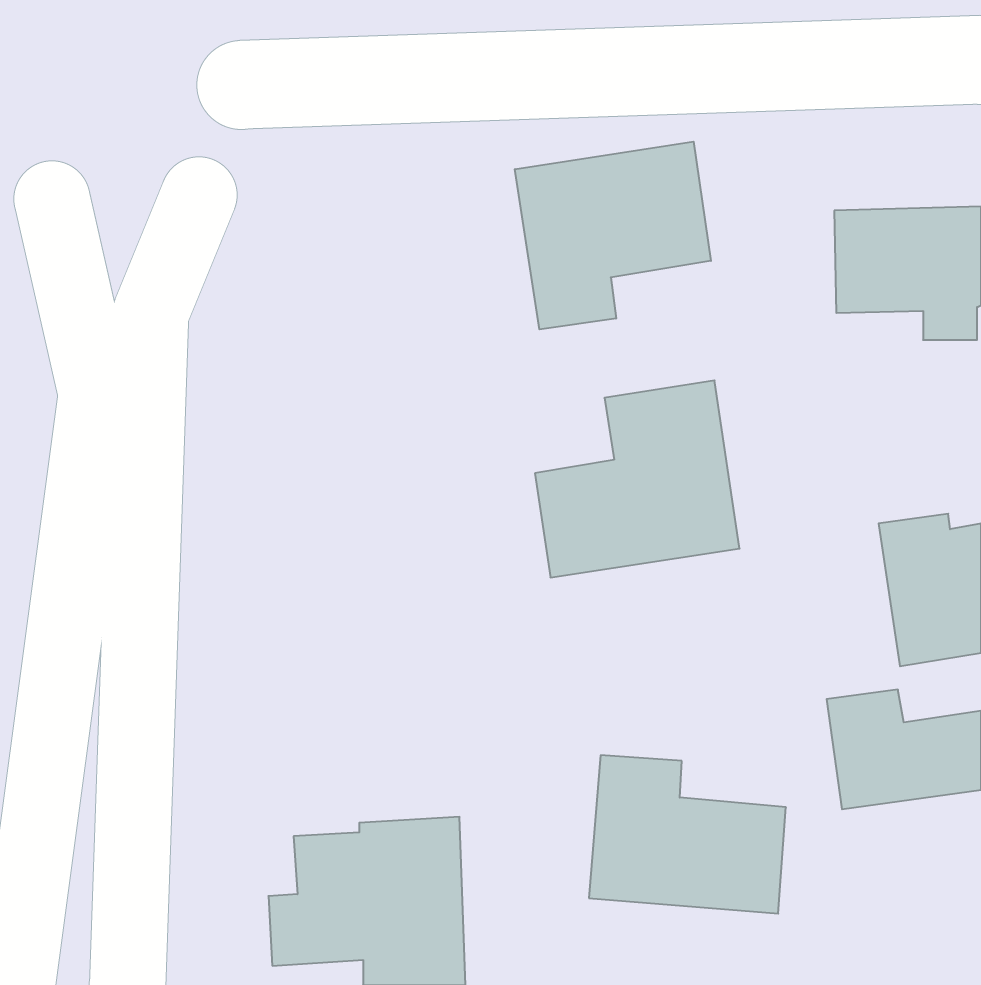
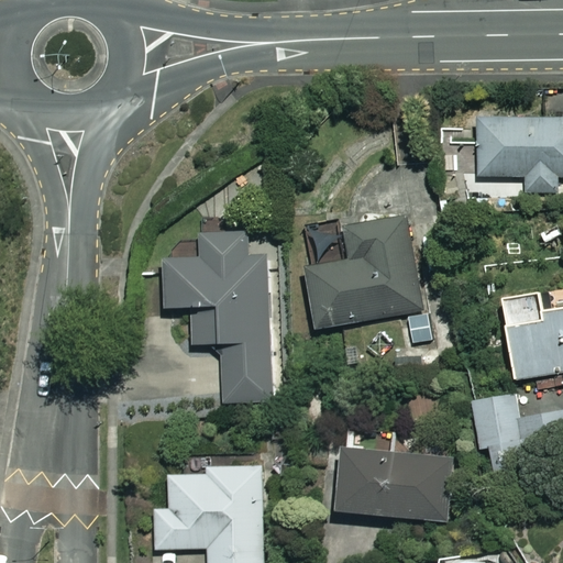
building: [515,142,711,329] -> none
building: none -> [162,231,271,402]

